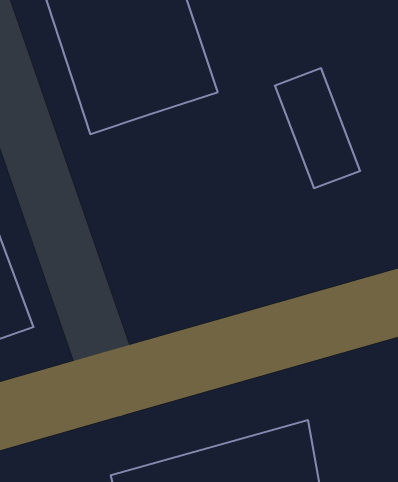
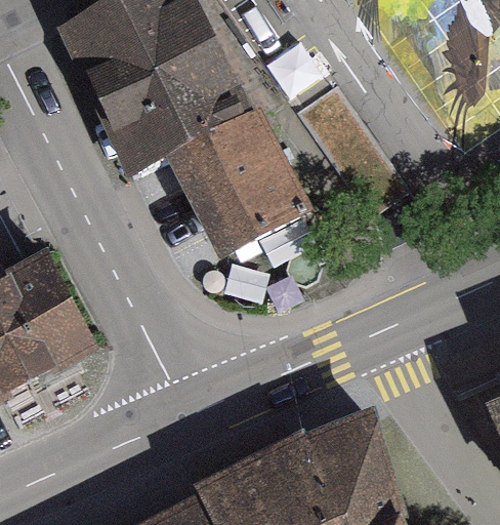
building: none -> [181,107,305,249]

